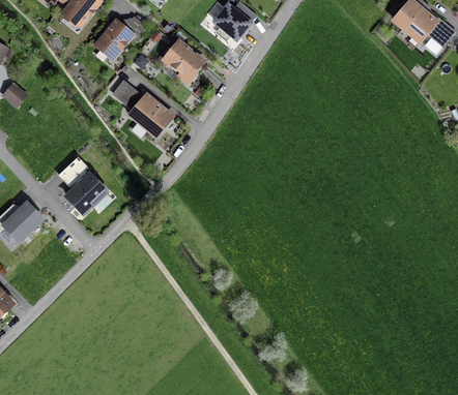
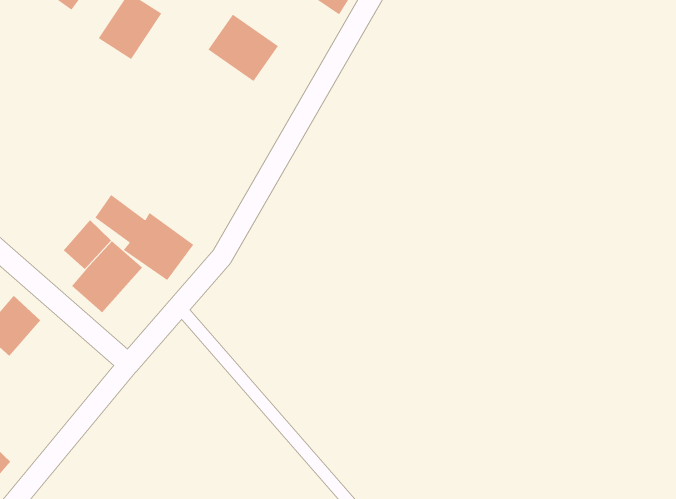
building: [111,80,171,136] -> [95,194,194,281]

